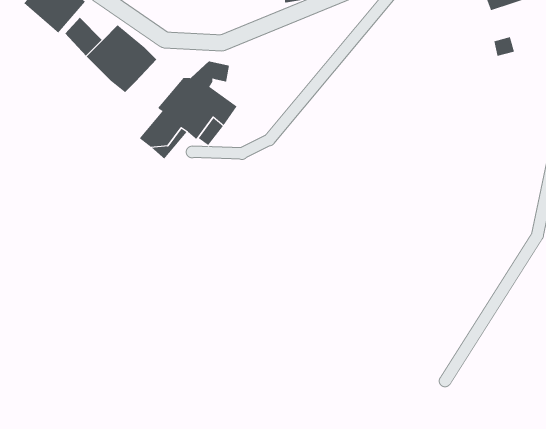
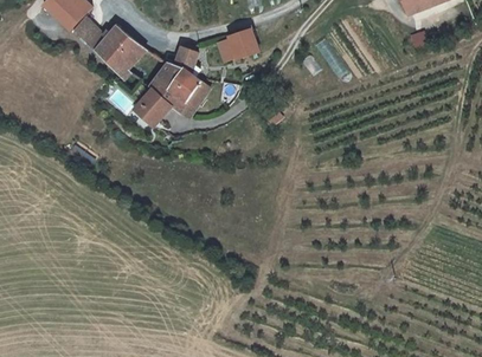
building: none -> [227,27,258,58]

